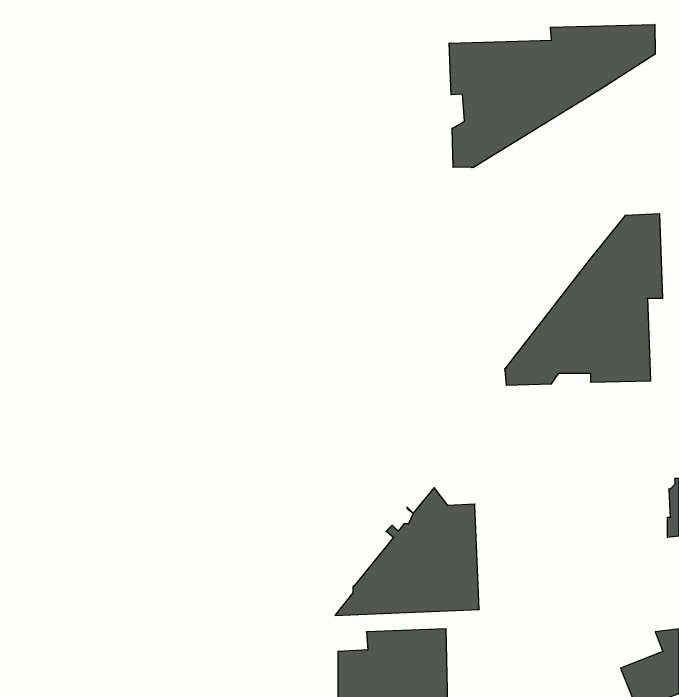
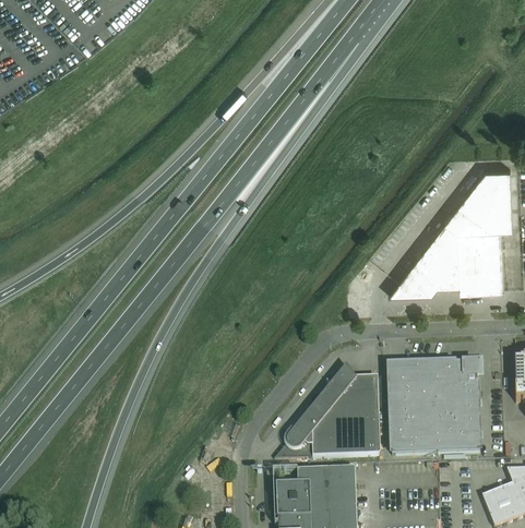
building: [449,24,655,168] -> none
building: none -> [389,362,479,453]

